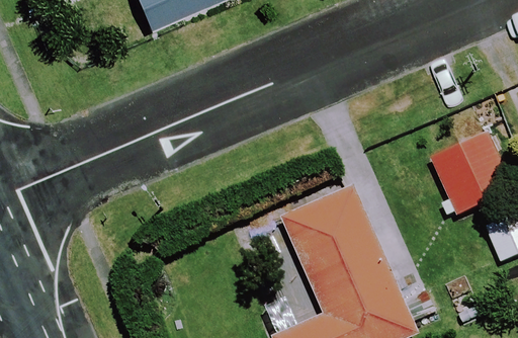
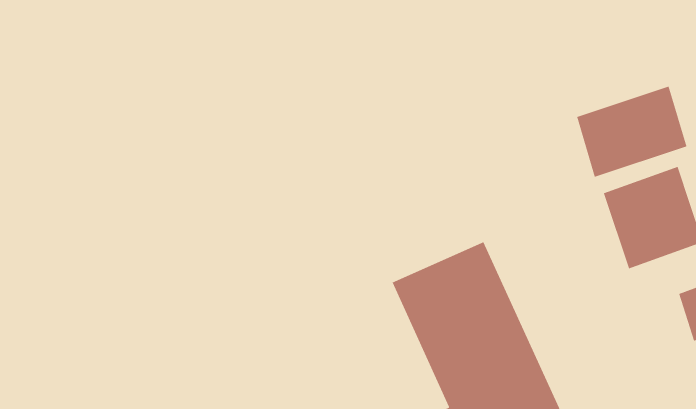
building: none -> [576,86,687,178]

